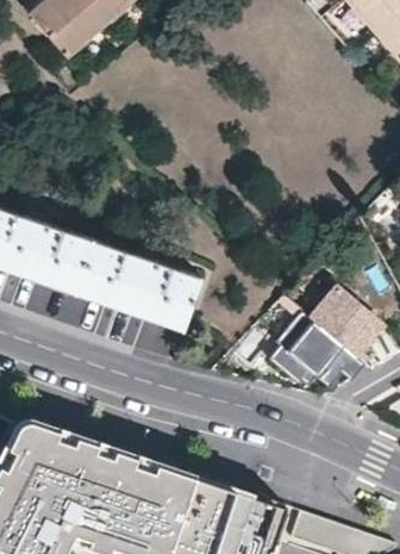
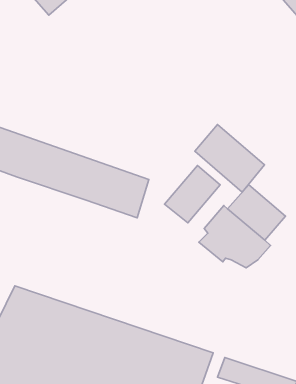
building: none -> [195,124,265,192]
building: none -> [164,166,220,223]

